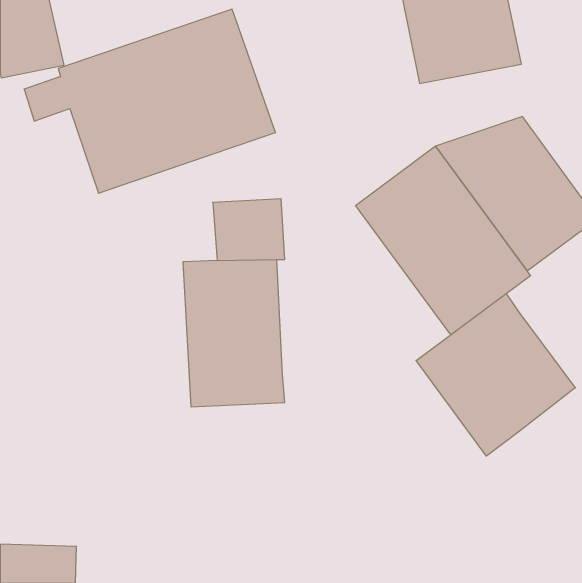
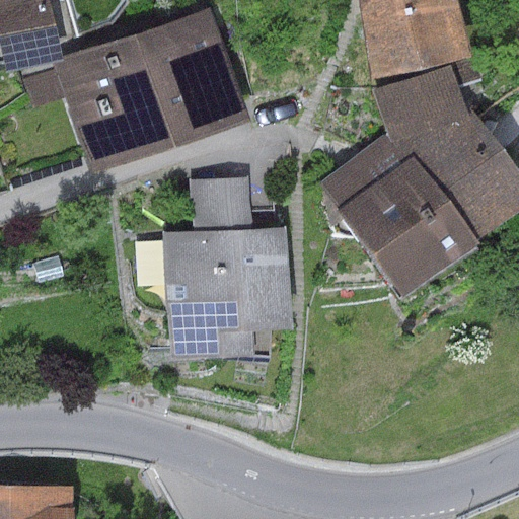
building: none -> [375,64,465,130]
building: none -> [247,228,295,332]
building: [416,294,575,456] -> none

